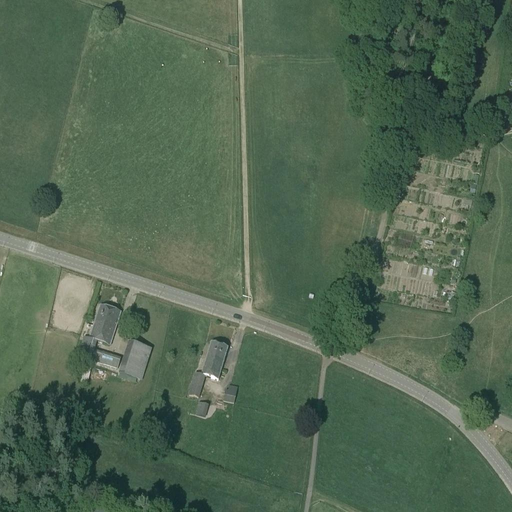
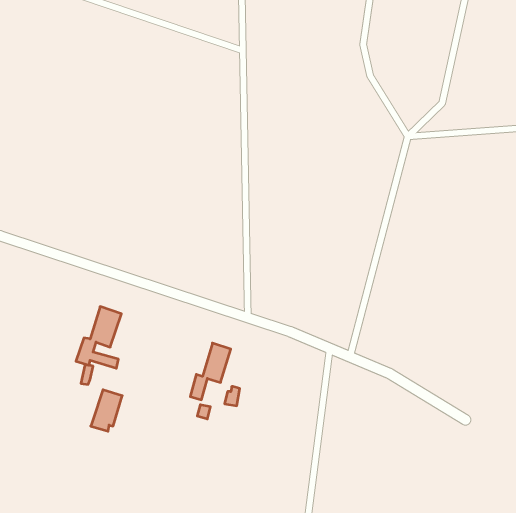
building: [119,340,150,381] -> [91,390,122,431]

